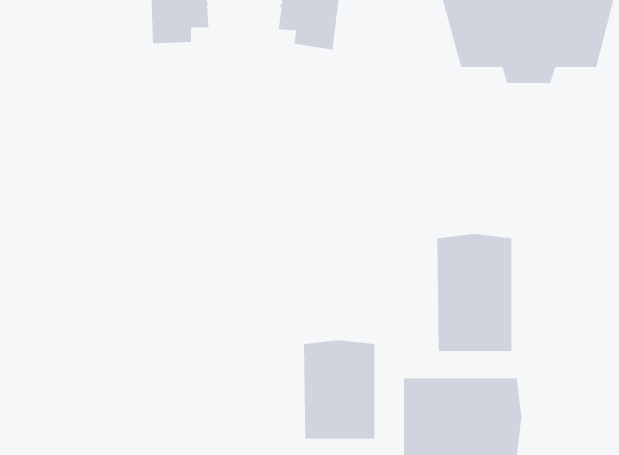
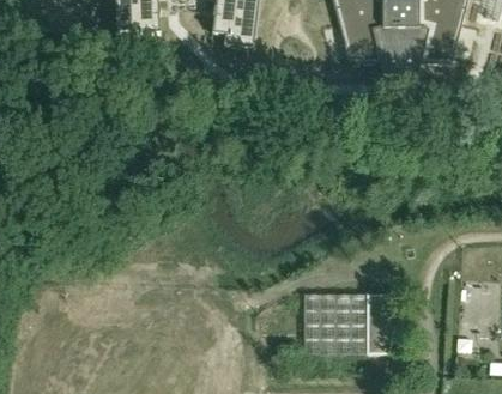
building: [436,233,512,352] -> none
building: [303,340,375,439] -> none

